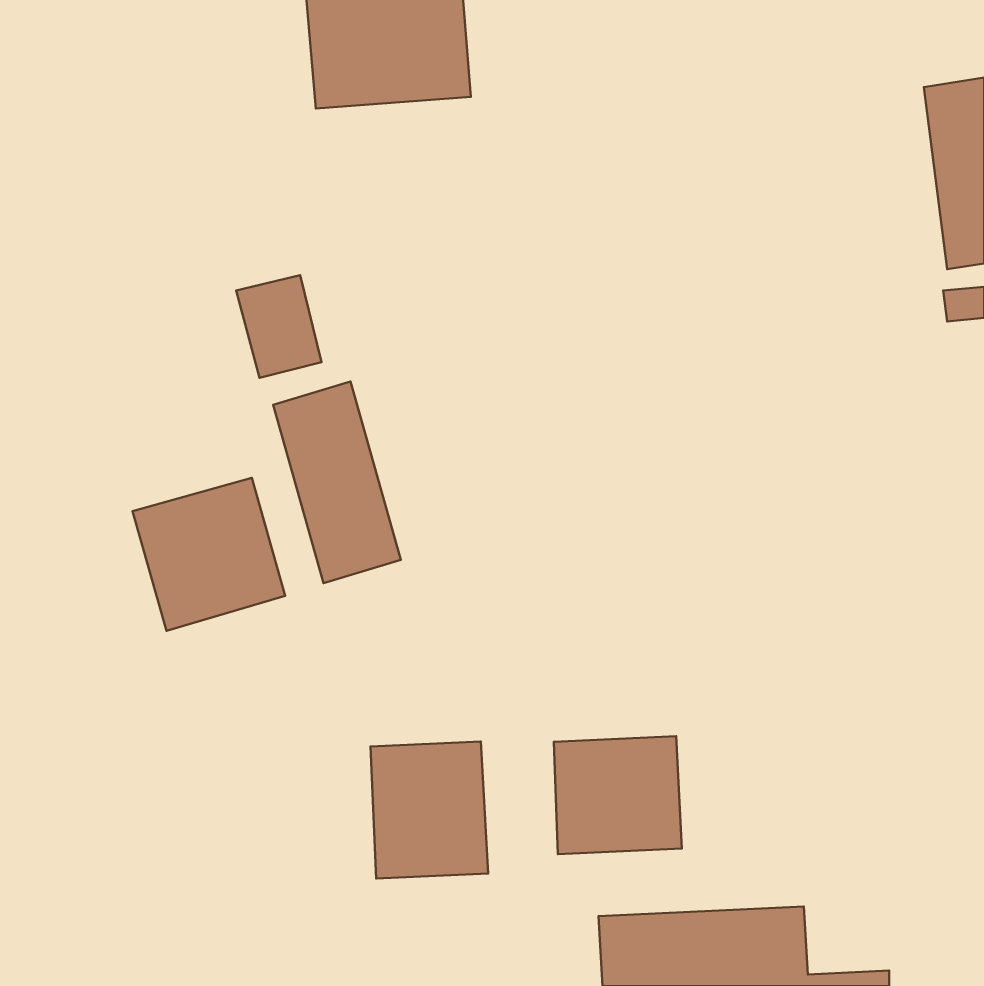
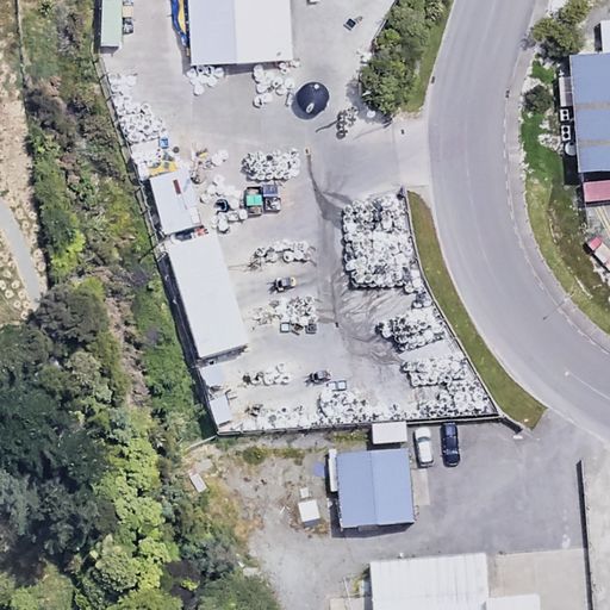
building: [133,478,285,631] -> none
building: [370,741,488,879] -> none

